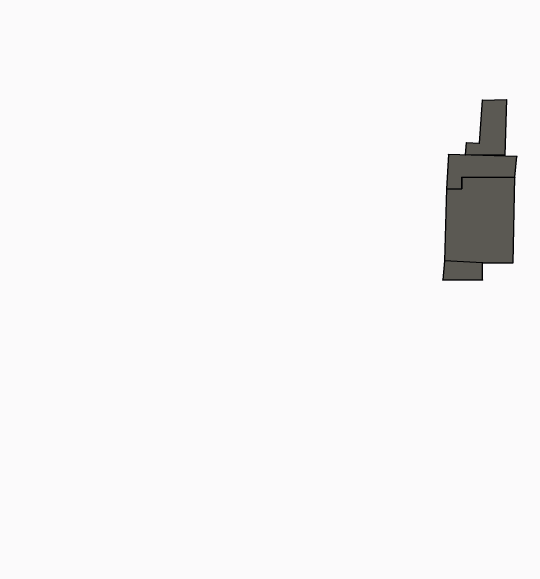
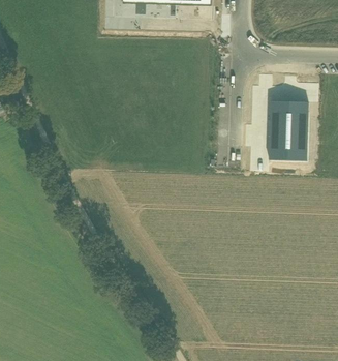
building: [466,100,507,155] -> none

